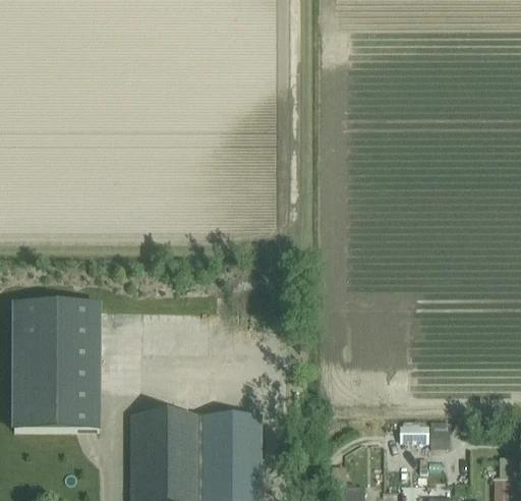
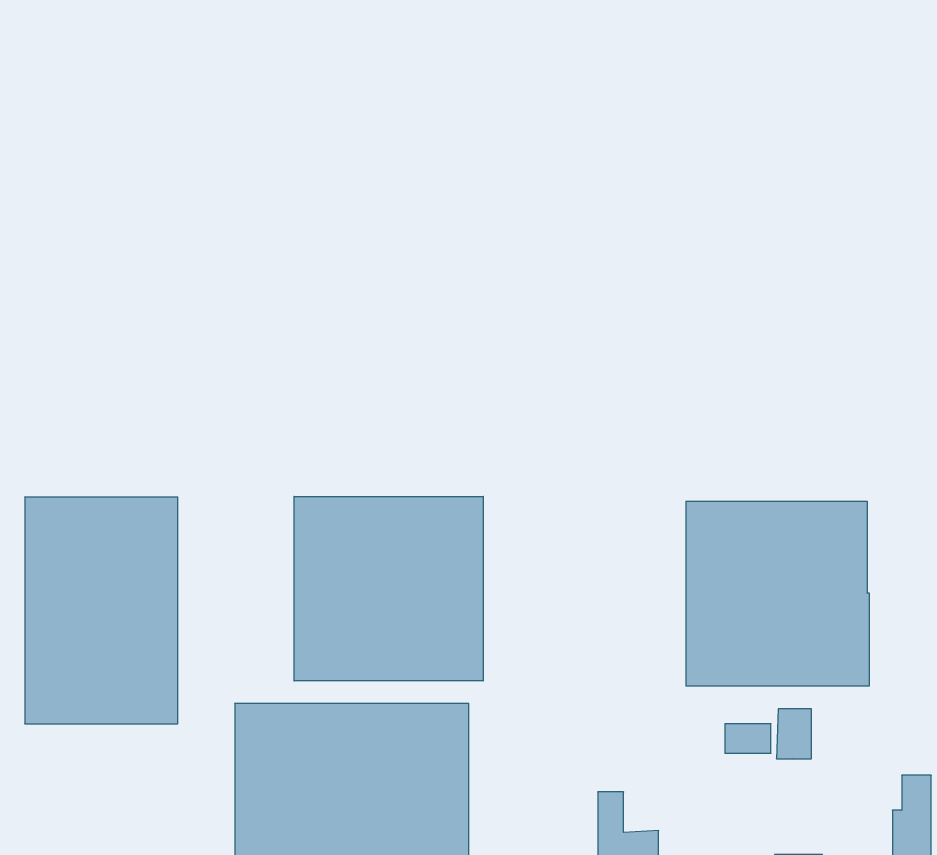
building: none -> [294,496,483,681]
building: none -> [686,501,869,686]

